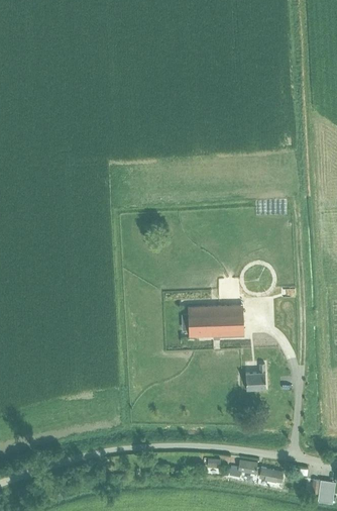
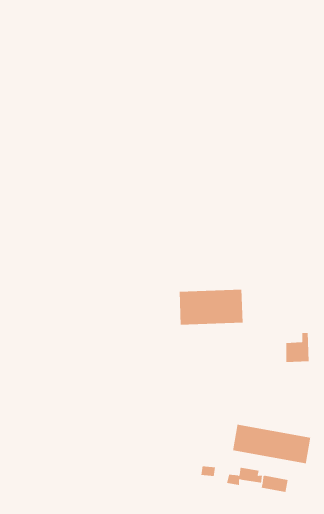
building: [245,365,266,391] -> [285,332,310,363]
building: none -> [232,424,311,464]

